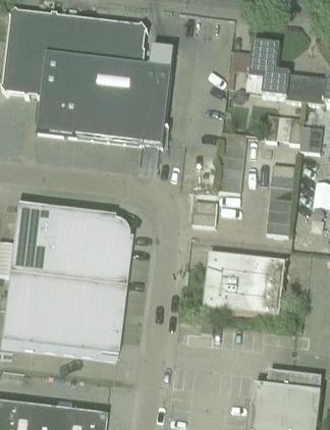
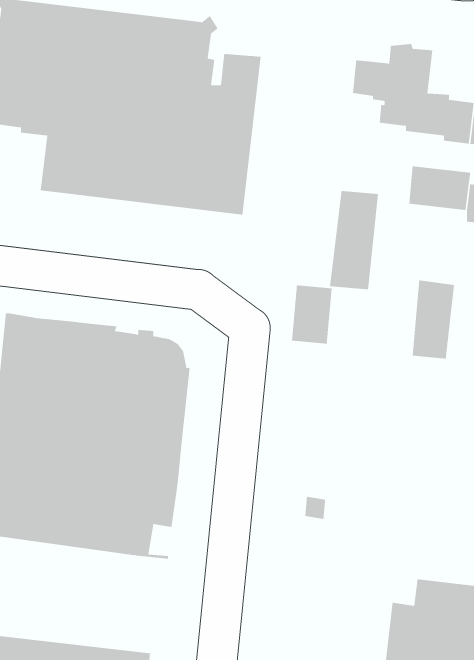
building: [203,252,285,315] -> none

